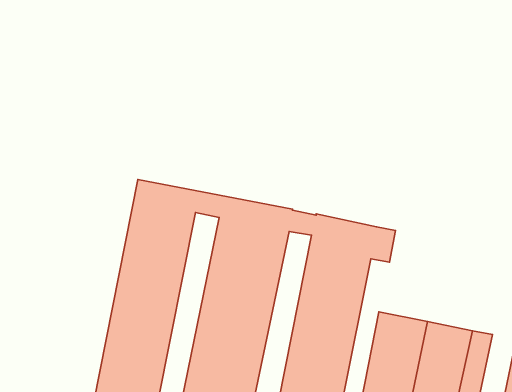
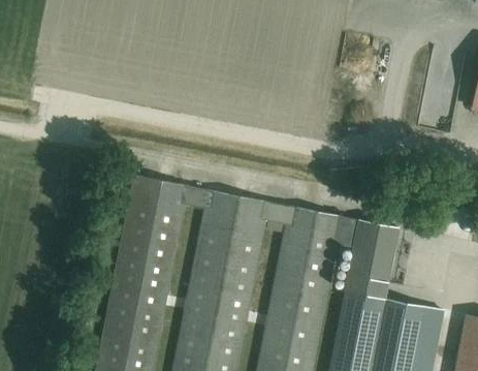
building: none -> [348,220,400,283]

